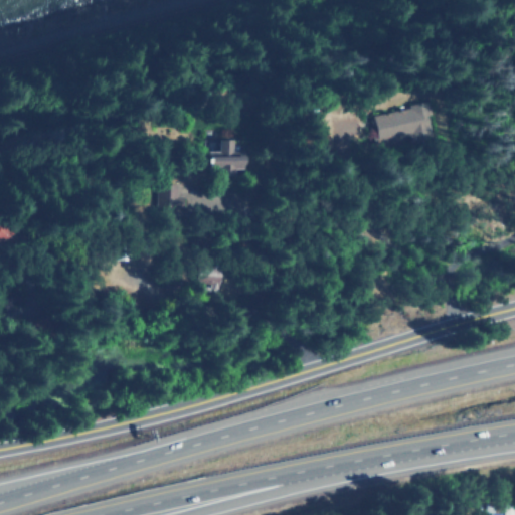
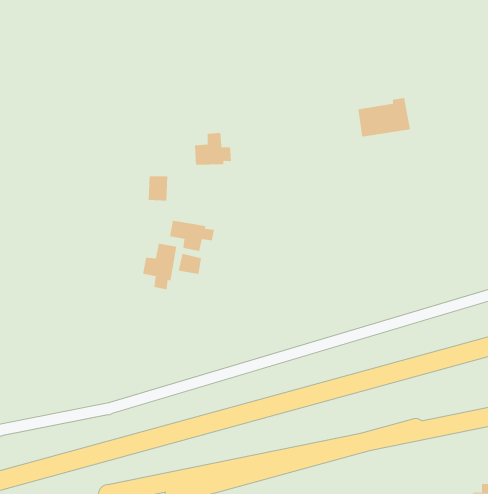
building: none -> [170,220,215,252]
building: none -> [142,243,177,290]

